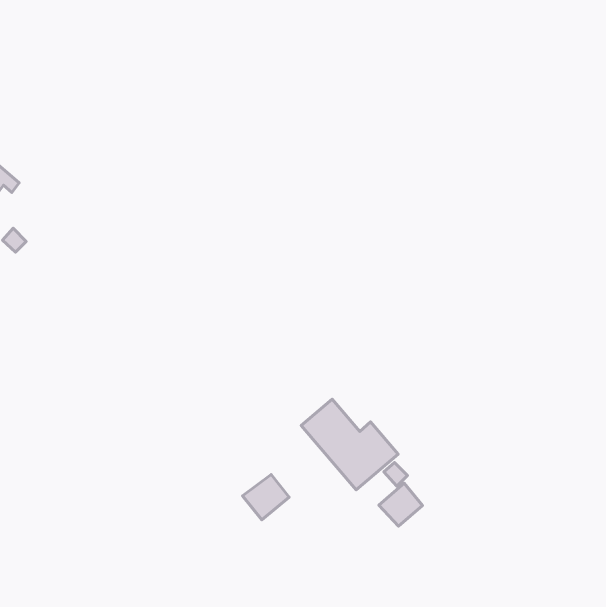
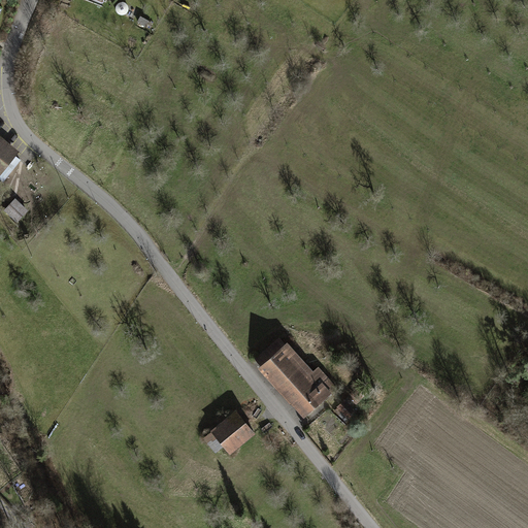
building: [379,483,423,526] -> none

